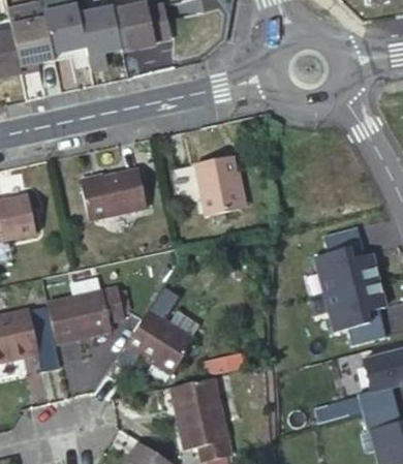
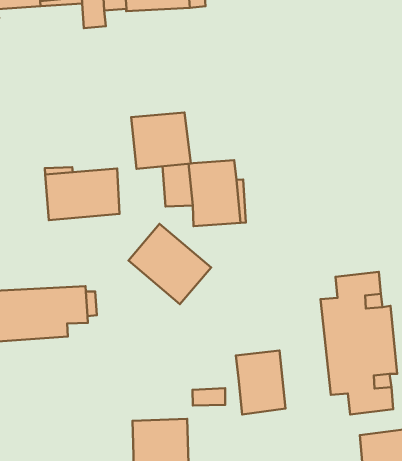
building: none -> [131,112,191,169]
building: [131,297,198,359] -> [128,224,211,304]
building: none -> [236,351,286,415]

